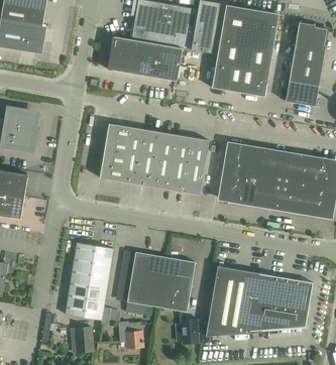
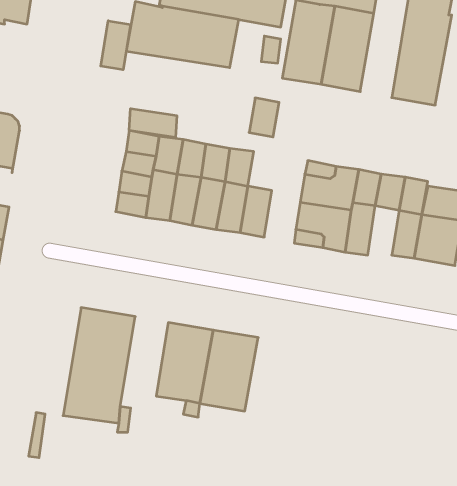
building: none -> [101,21,131,70]
building: none -> [129,109,177,138]
building: [189,137,209,163] -> [249,98,279,137]
building: [269,173,291,210] -> none
building: [206,265,313,336] -> none
building: [181,319,199,344] -> none
building: [119,322,143,348] -> none
building: [75,327,93,352] -> none

